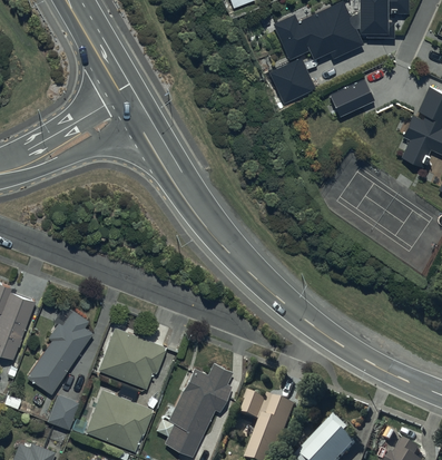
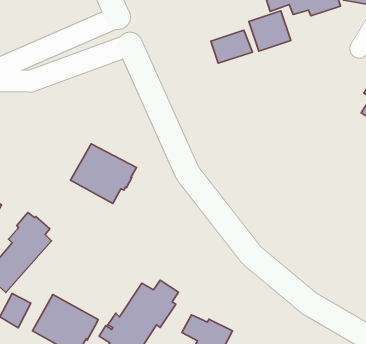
building: [328,75,374,112] -> none
building: none -> [211,30,252,63]
building: [98,329,166,389] -> [70,144,136,203]

